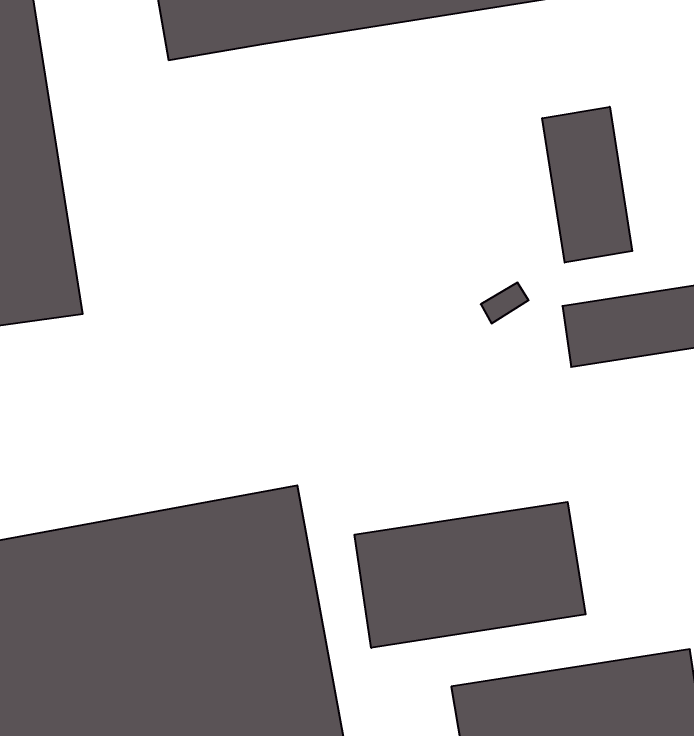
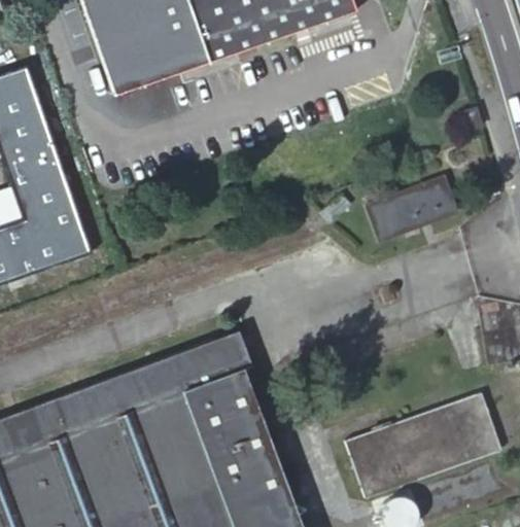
building: [542,107,632,263] -> none
building: [355,502,586,648] -> none

